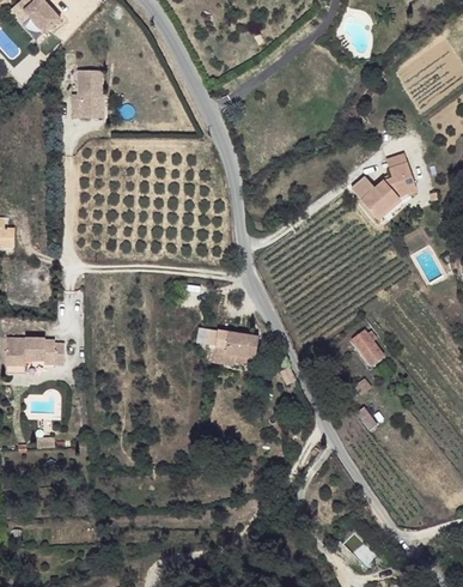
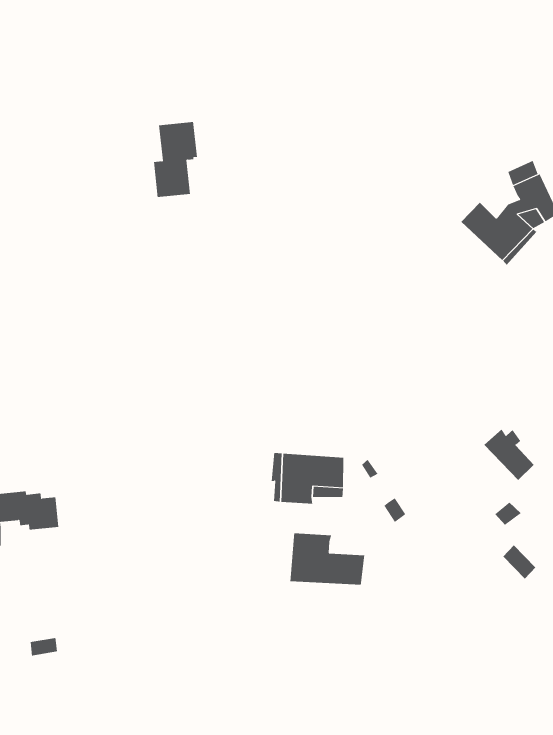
building: [72,69,102,117] -> [153,122,198,198]
building: none -> [290,532,365,586]

